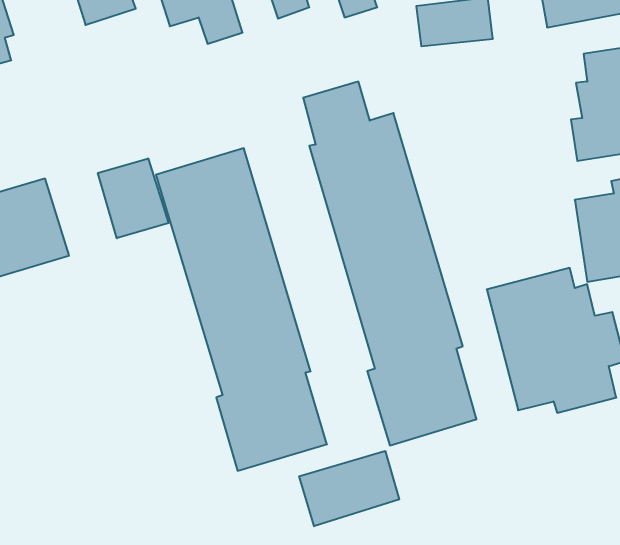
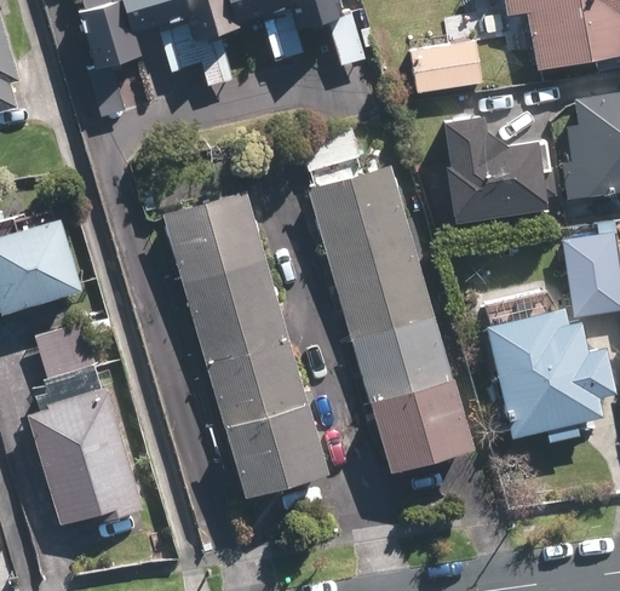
building: none -> [437,116,557,224]
building: [98,158,169,238] -> none
building: none -> [25,320,145,527]
building: [299,451,399,526] -> none

